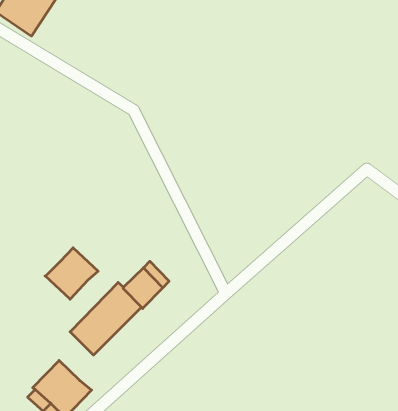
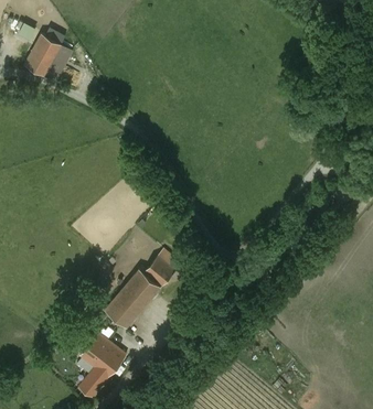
building: [45,248,98,299] -> none

